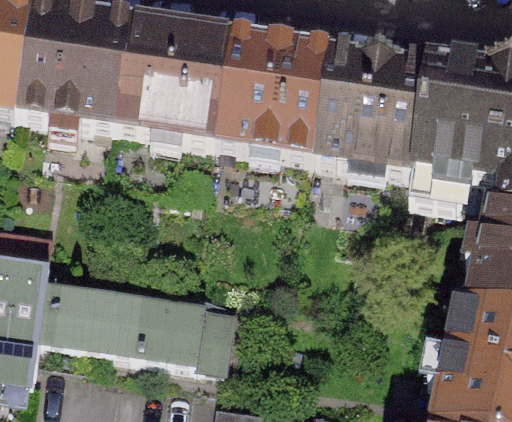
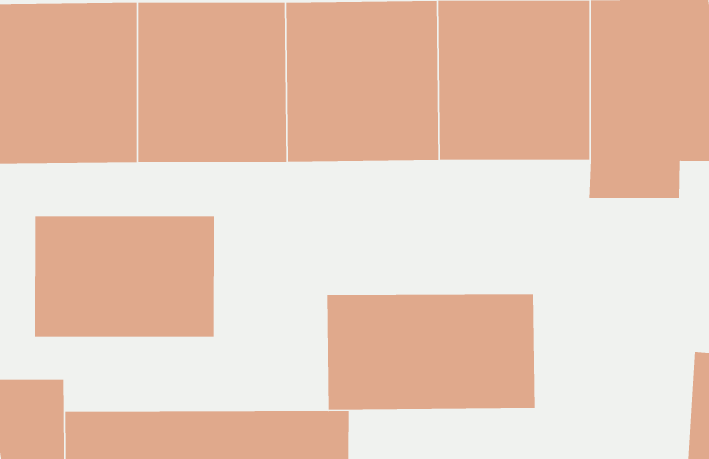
building: none -> [34,215,214,337]
building: none -> [327,293,535,411]

